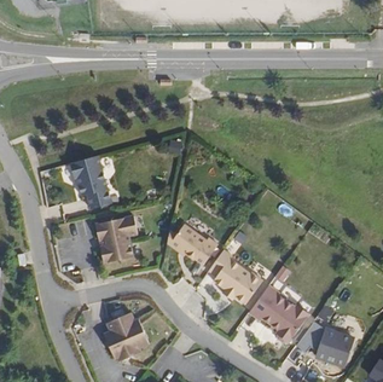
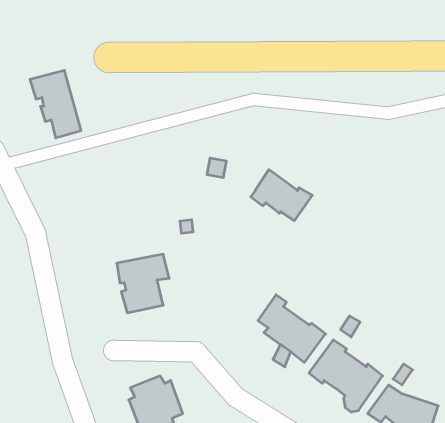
building: [69,156,110,210] -> [30,70,81,138]
building: [170,221,220,262] -> [251,170,312,221]

